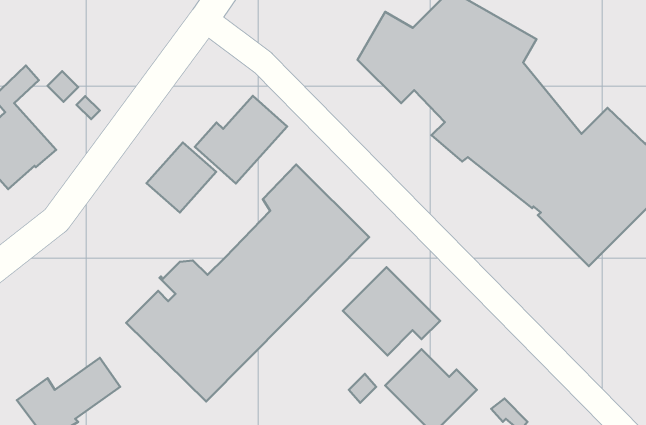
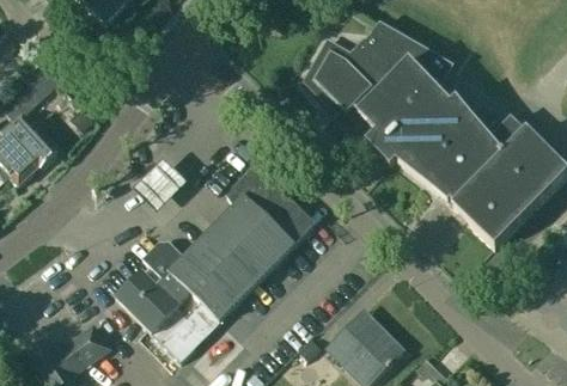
building: [195,96,287,184] -> none
building: [343,267,440,356] -> none

